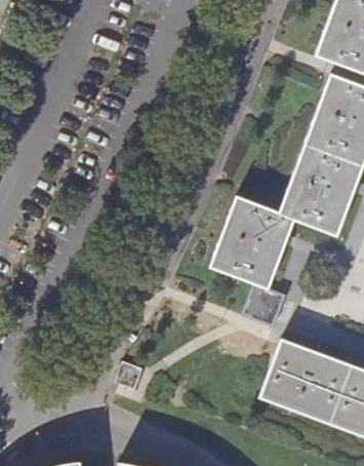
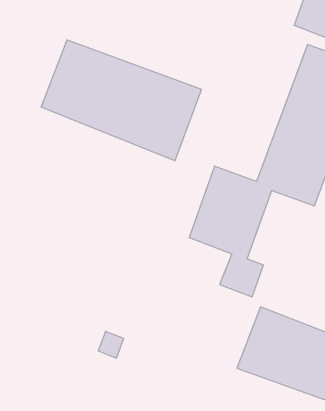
building: none -> [41,40,202,161]

